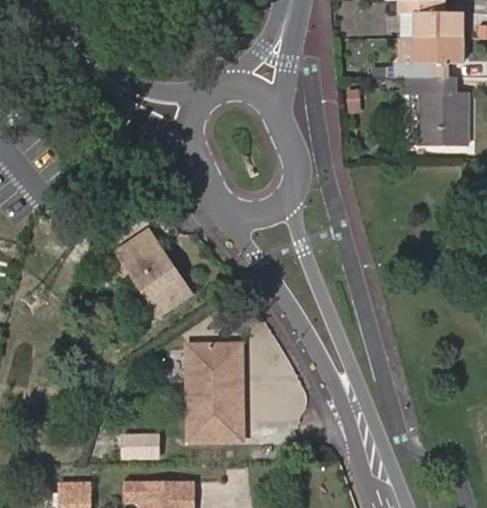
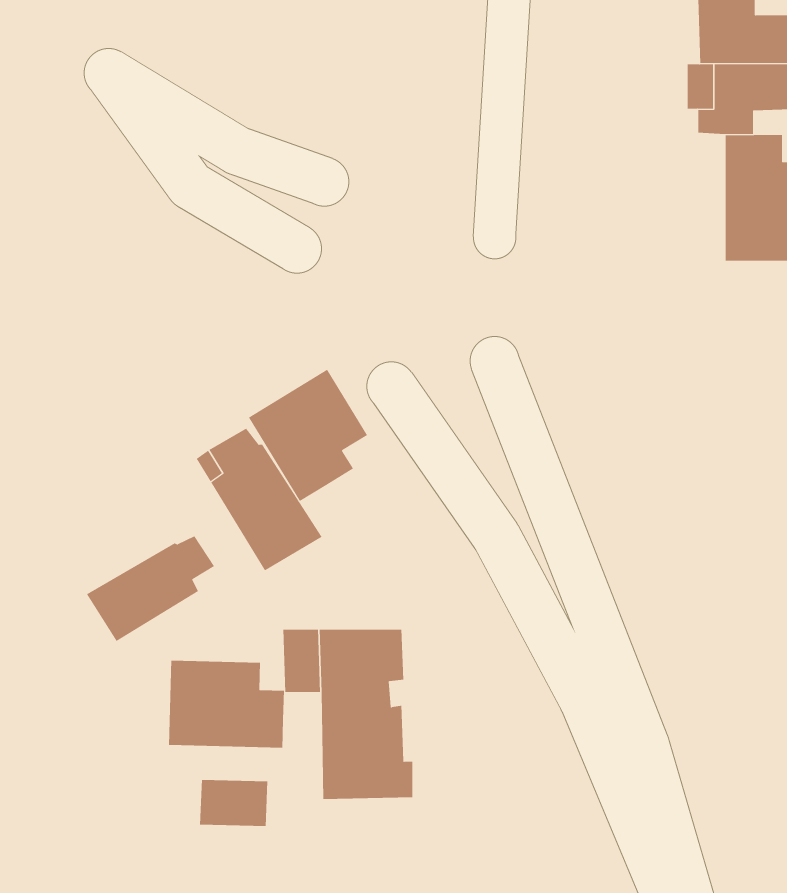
building: none -> [248,369,368,502]
building: none -> [86,536,215,642]
building: none -> [169,660,284,749]

